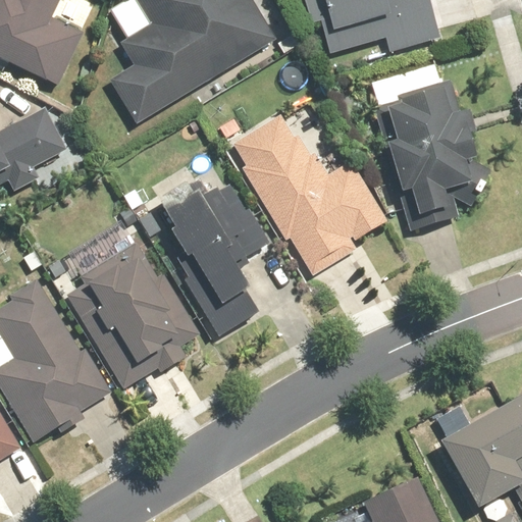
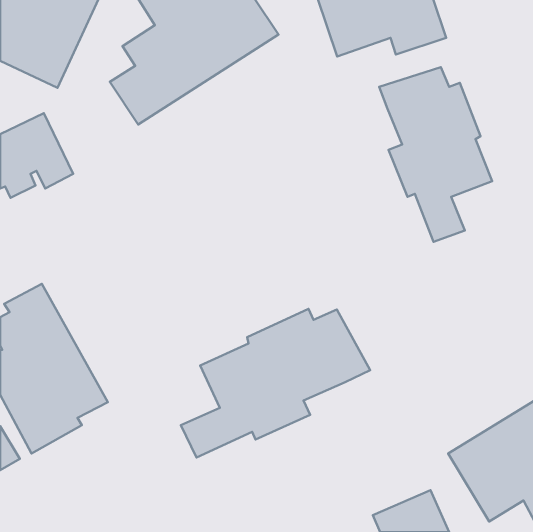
building: [215,112,384,273] -> none
building: [157,174,264,337] -> none
building: [82,244,202,393] -> none
building: none -> [181,309,370,457]

